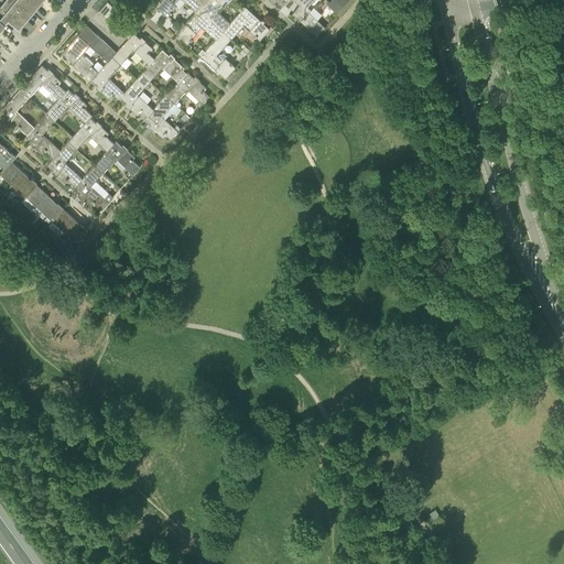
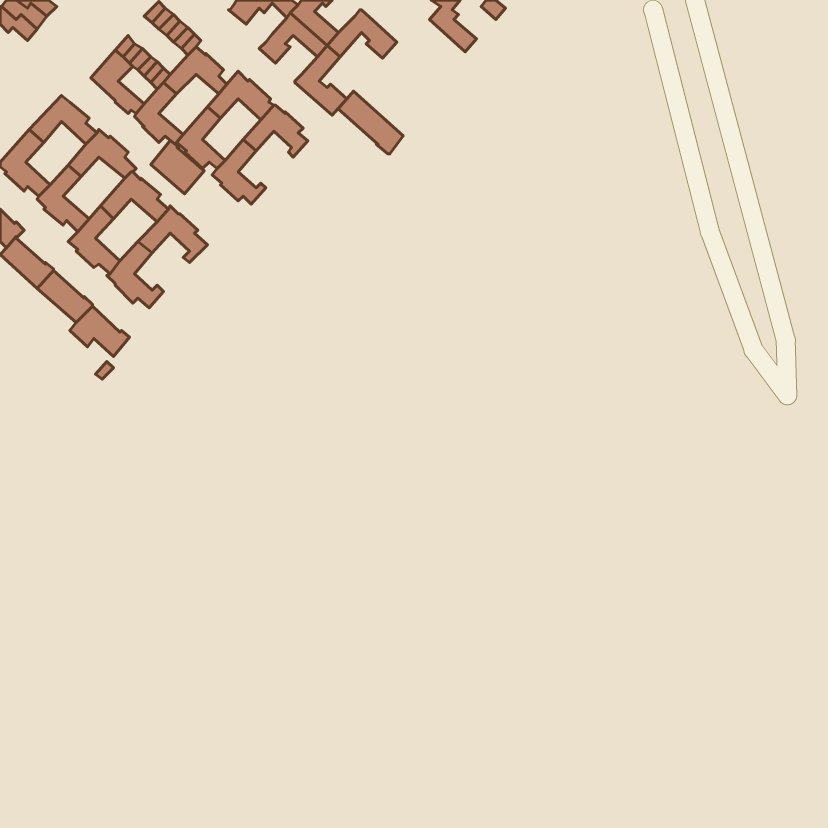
building: none -> [338,91,403,154]
building: none -> [151,141,204,194]

